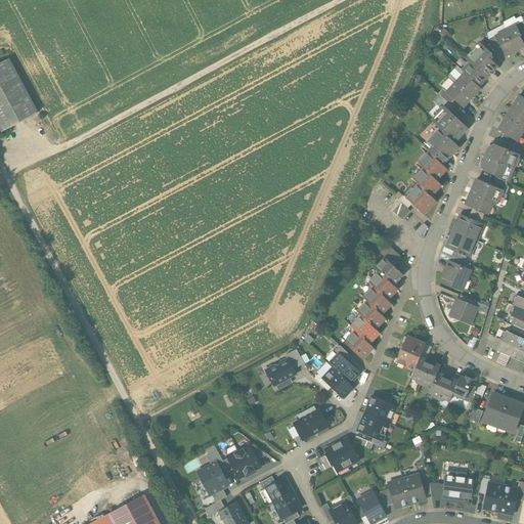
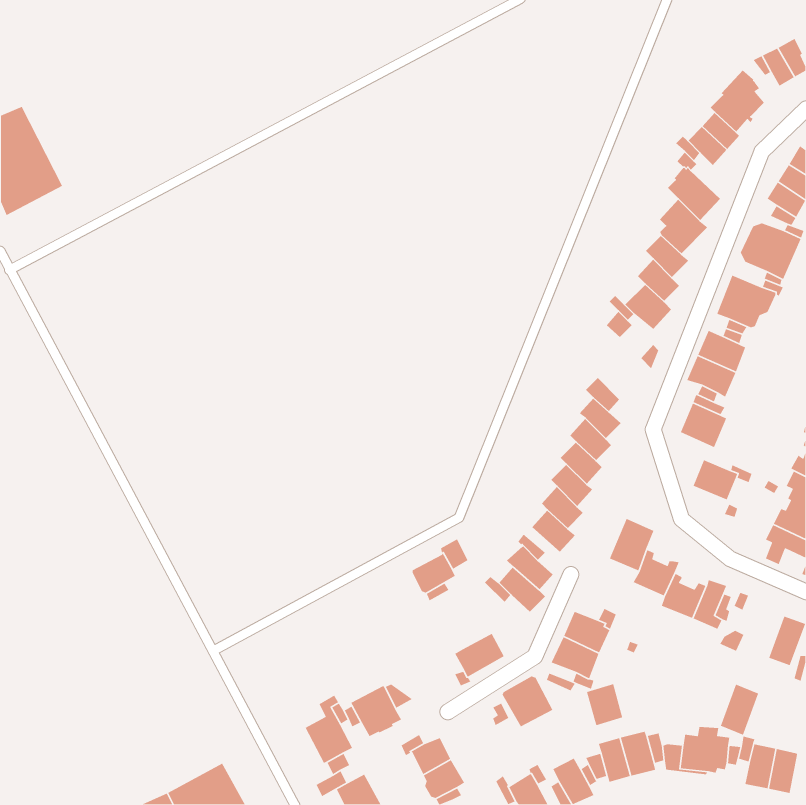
building: [483,393,509,427] -> [720,684,759,736]
building: none -> [586,683,623,726]

